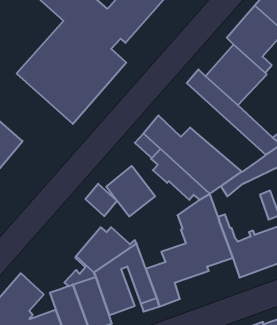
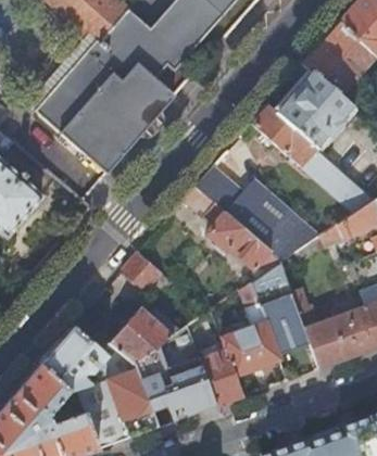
building: [106,166,155,216] -> none
building: none -> [40,325,109,390]

